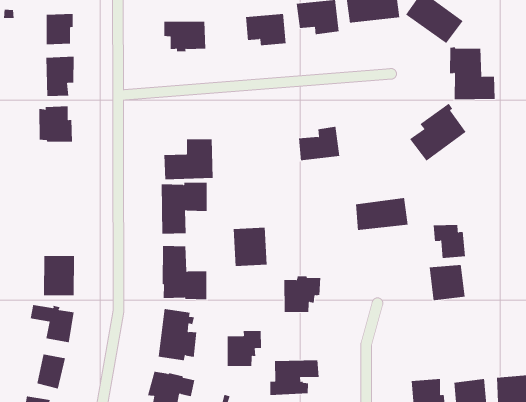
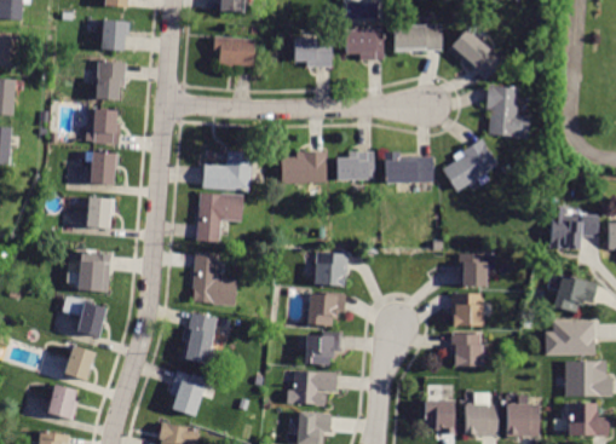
building: none -> [281,150,327,183]
building: none -> [90,150,116,184]
building: [355,197,409,230] -> [384,155,433,183]
building: none -> [86,196,111,227]
building: [233,227,267,266] -> [318,252,351,289]
building: none -> [451,331,482,365]
building: [227,330,262,367] -> [305,331,341,367]

